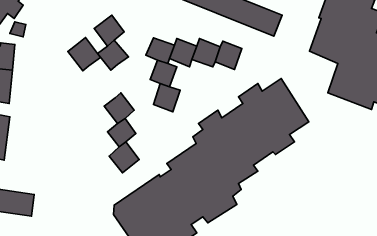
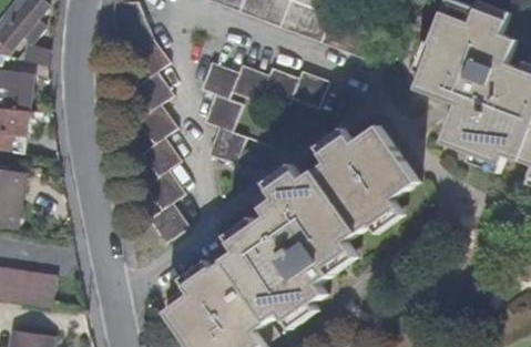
building: [68,37,100,71] -> [141,102,184,146]

